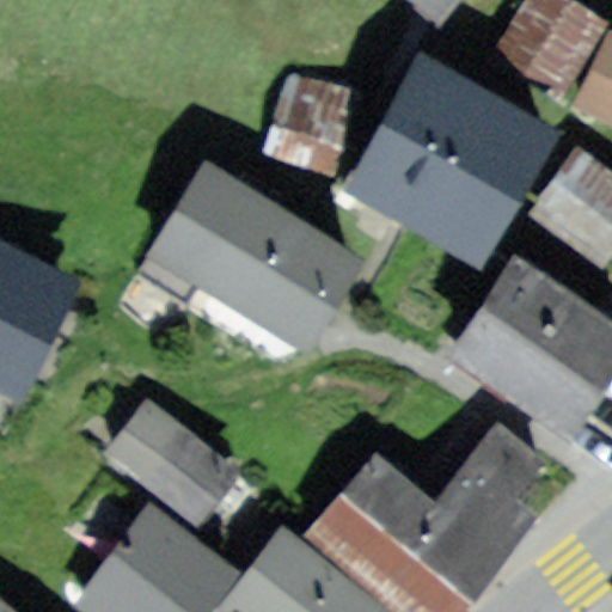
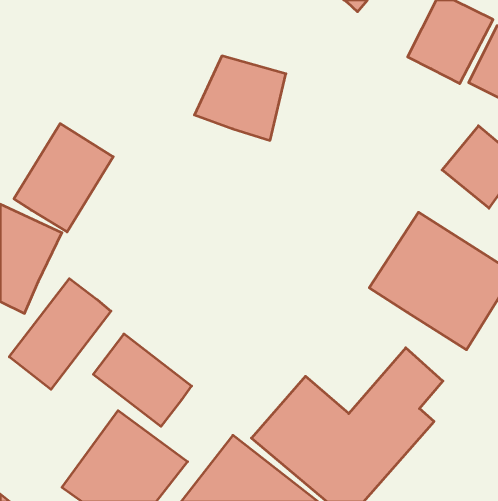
building: [349,60,546,256] -> none
building: none -> [14,124,113,232]
building: [141,158,353,345] -> none
building: none -> [9,279,111,389]

